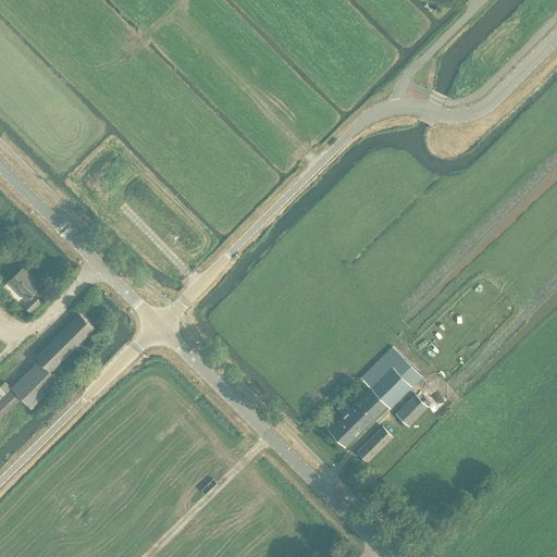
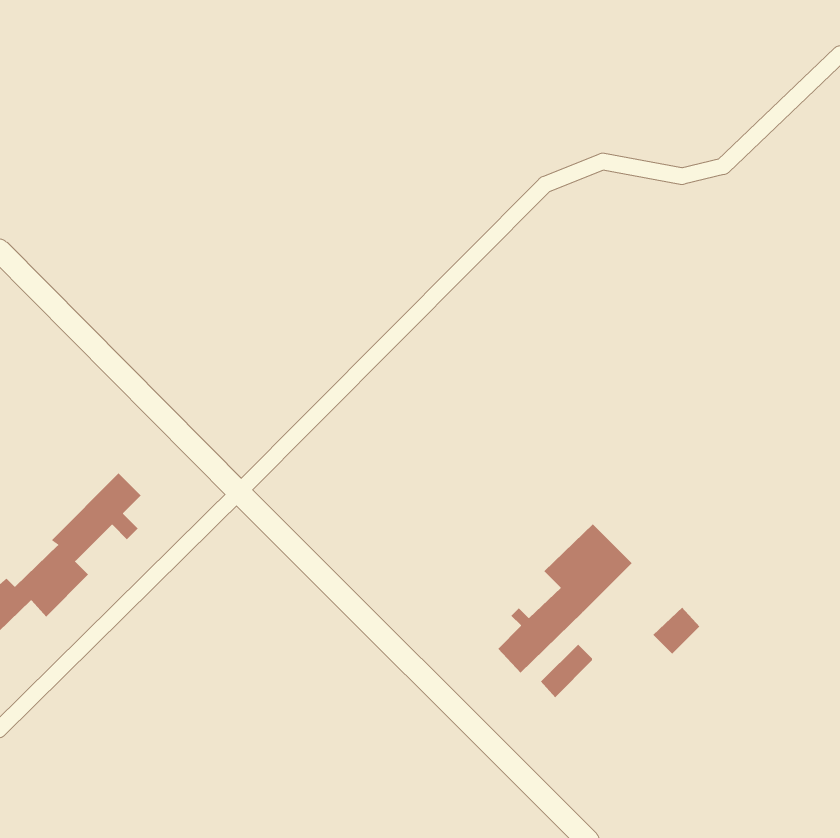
building: [8,270,40,313] -> none
building: [395,396,426,428] -> [653,607,700,655]

